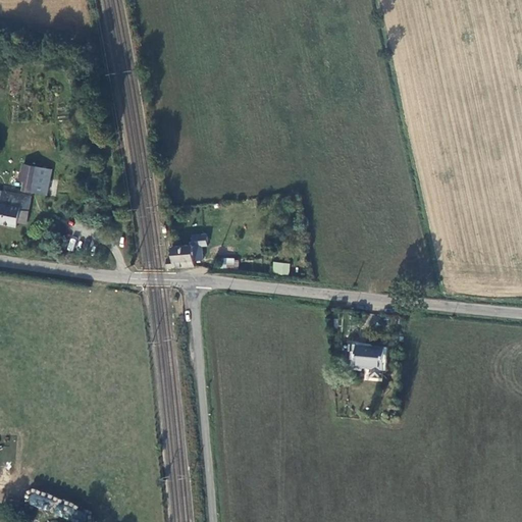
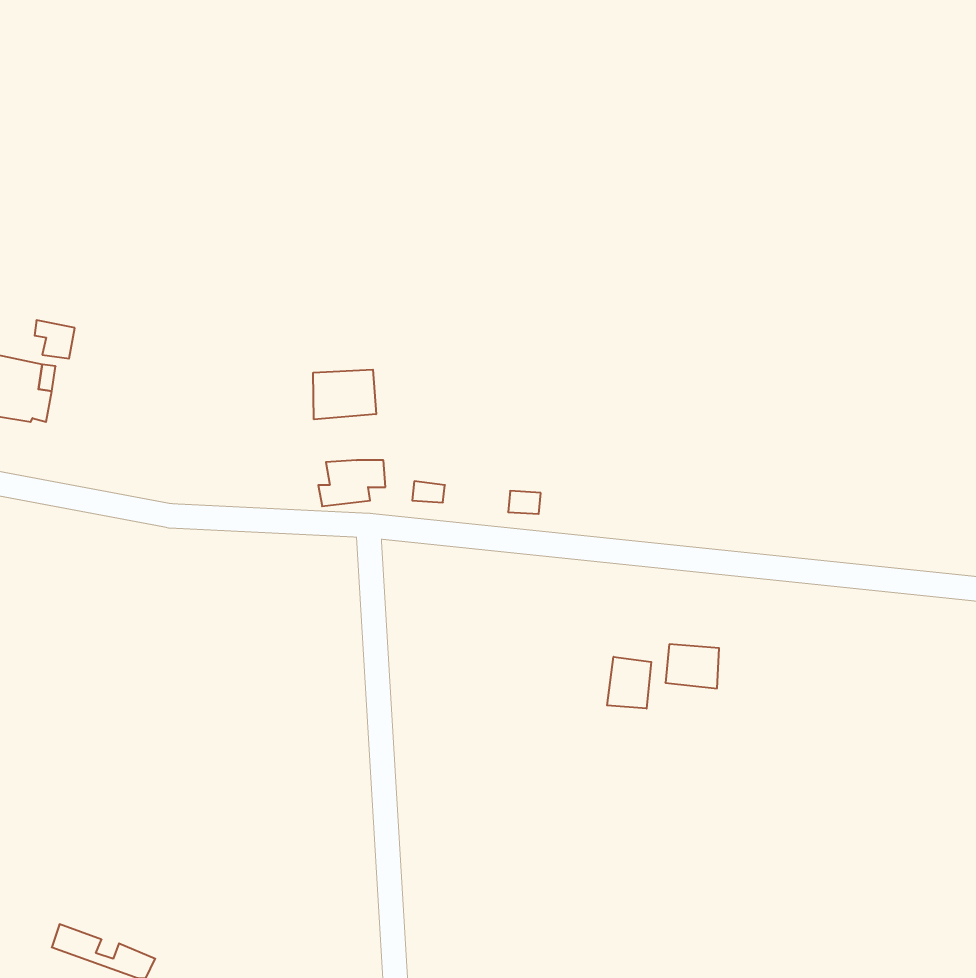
building: none -> [313,370,376,419]
building: none -> [607,657,651,709]

